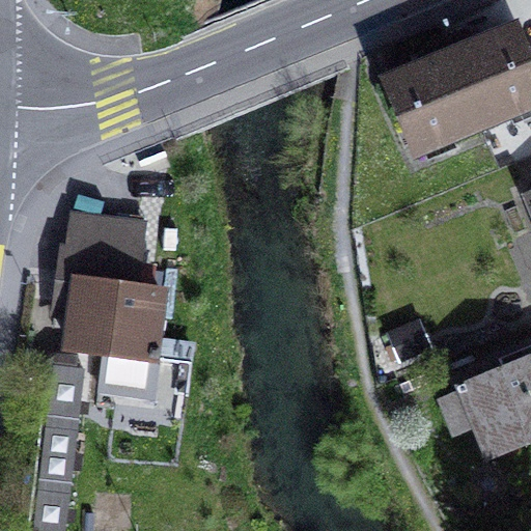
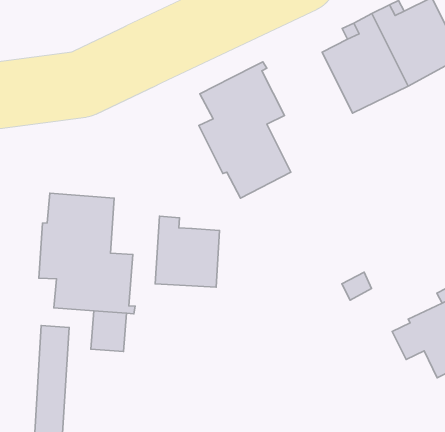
building: none -> [199,62,291,198]
building: none -> [155,216,220,287]

